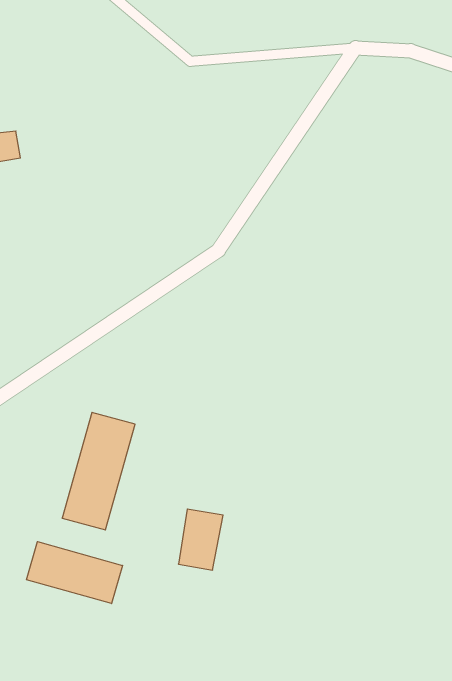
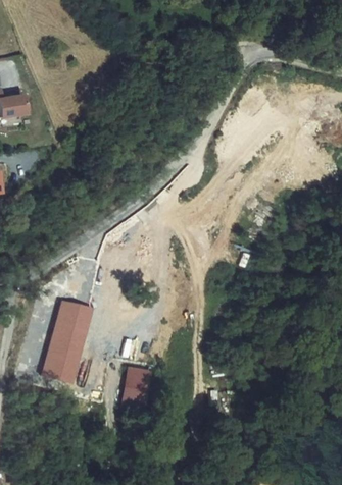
building: [27,542,123,604] -> none

